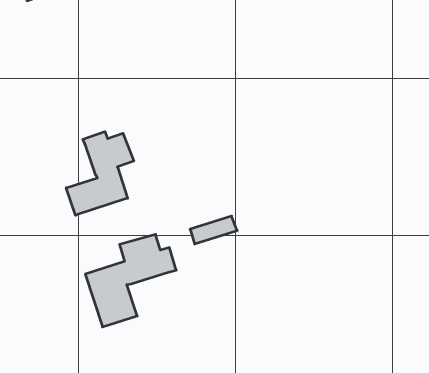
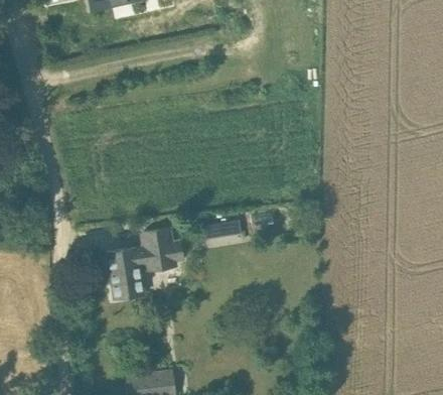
building: [66,132,134,215] -> none

